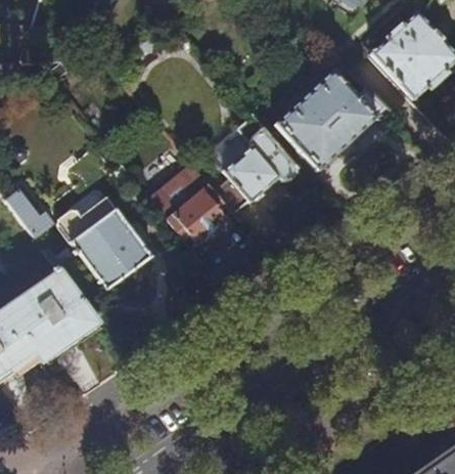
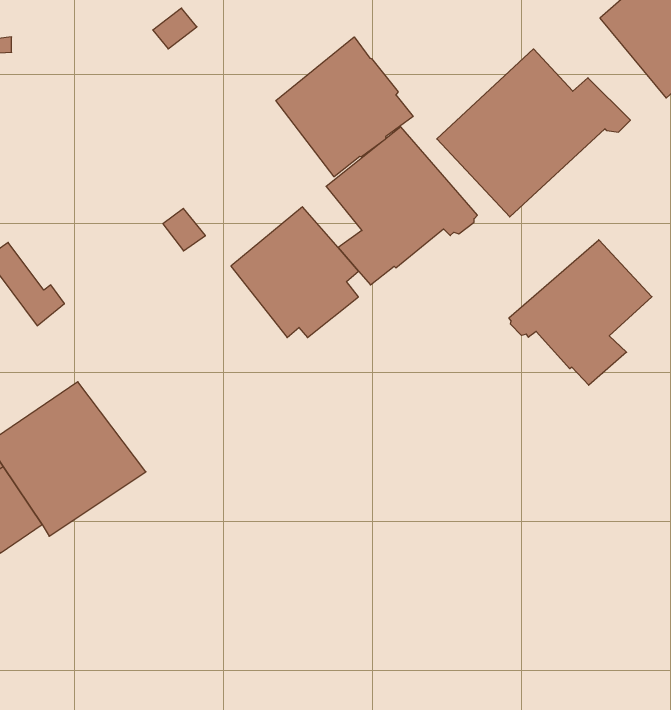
building: none -> [276,37,413,177]
building: none -> [509,240,652,385]
building: [56,196,150,290] -> none

